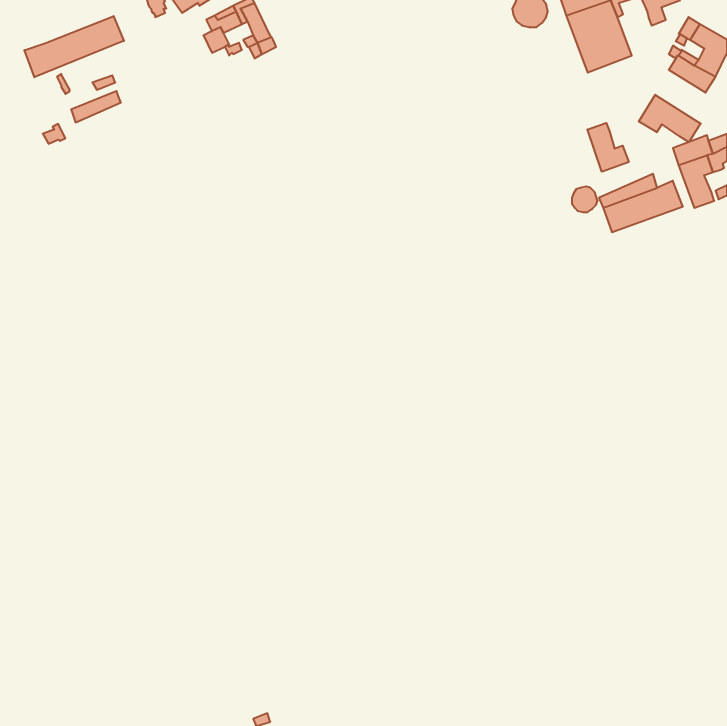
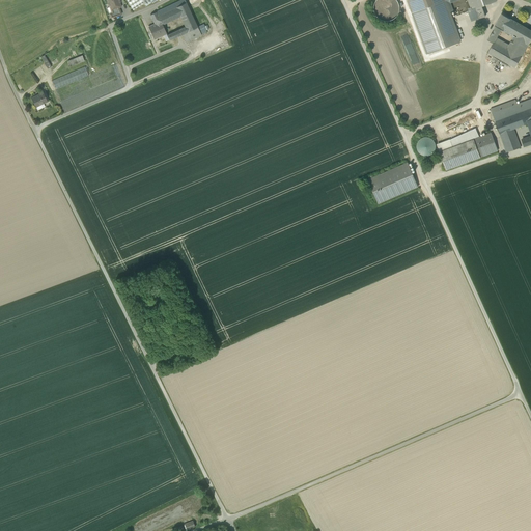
building: [24,16,124,77] -> none
building: [639,95,701,142] -> none
building: [587,123,629,172] -> none
building: none -> [368,162,418,203]

